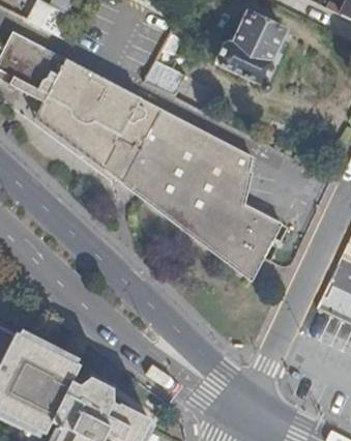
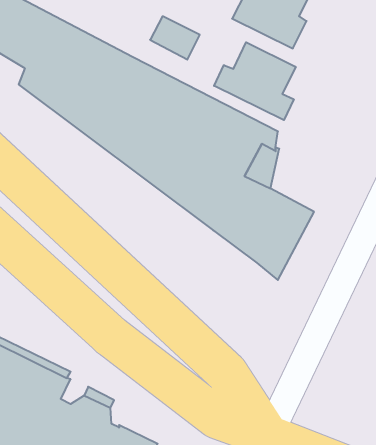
building: none -> [214,42,296,120]

